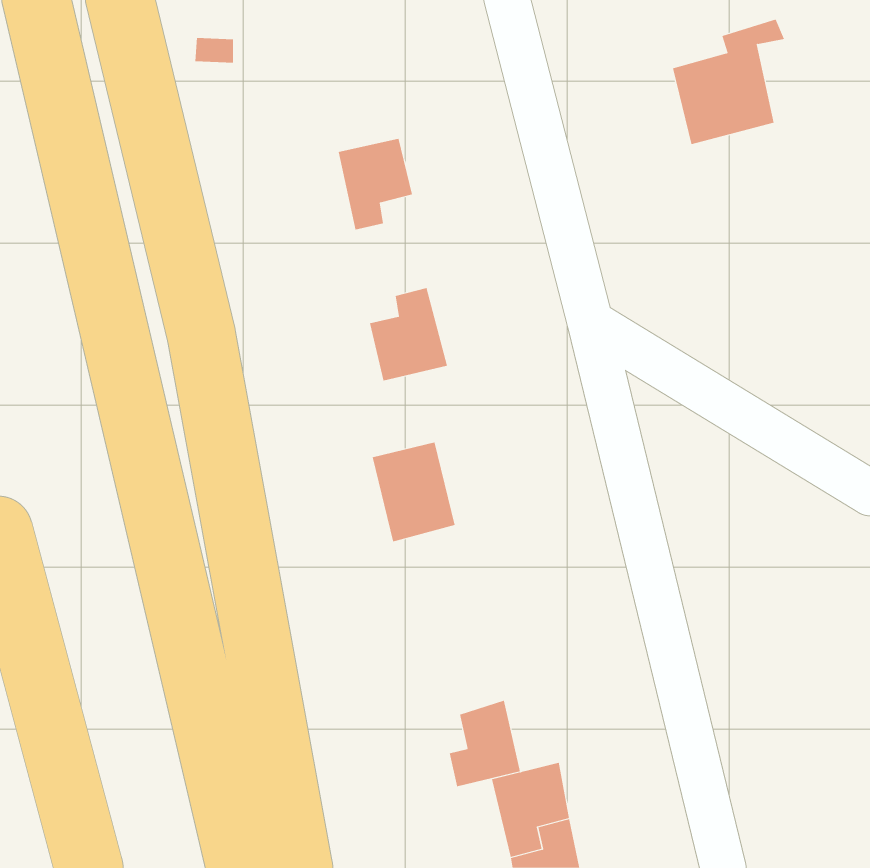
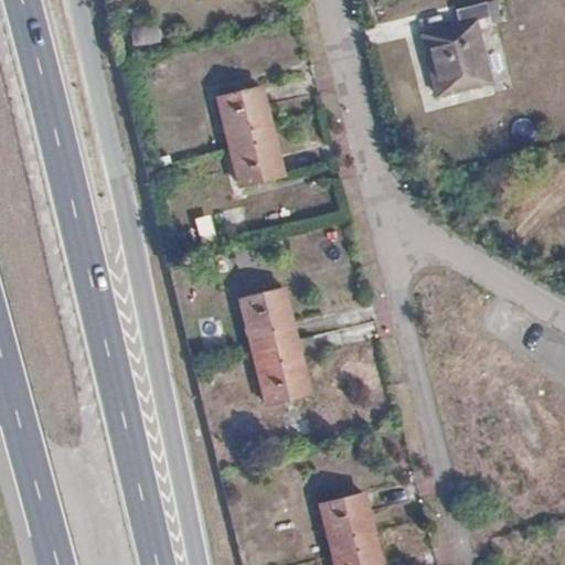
building: [369,287,448,381] -> [230,126,280,186]
building: none -> [254,340,308,403]
building: [449,700,521,787] -> none

